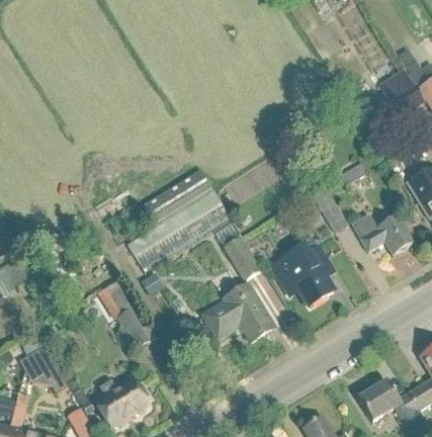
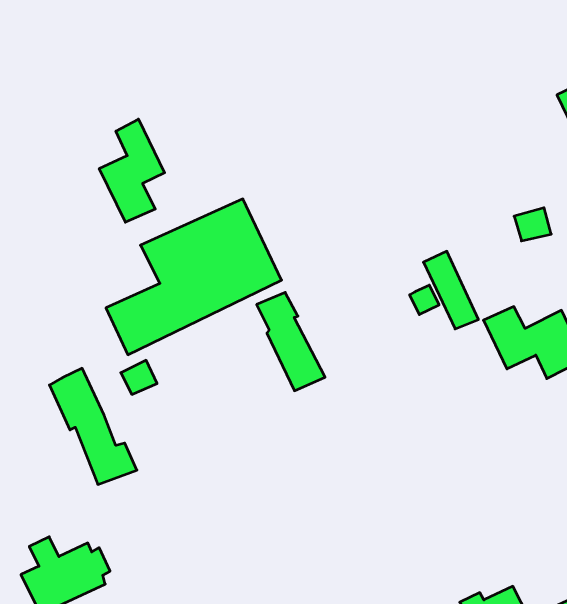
building: none -> [99,119,165,222]
building: [270,245,333,304] -> none
building: [202,283,274,342] -> none

